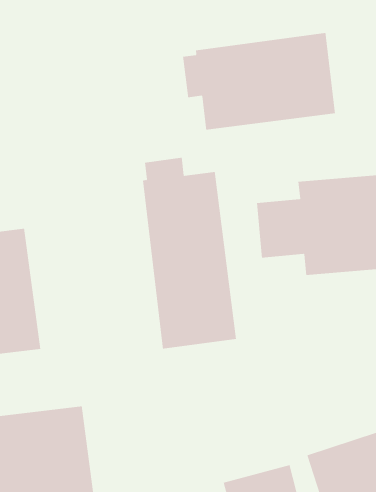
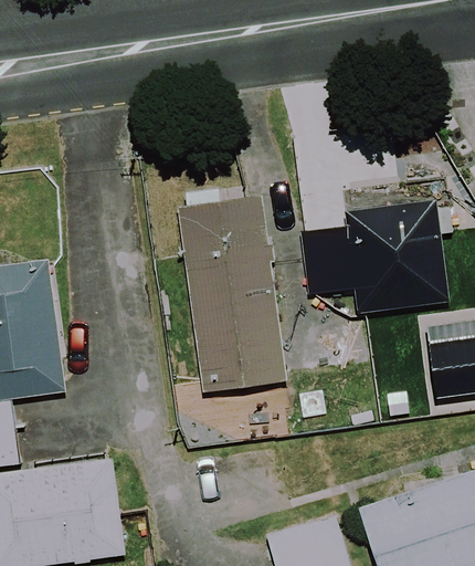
building: [183,32,336,130] -> none

